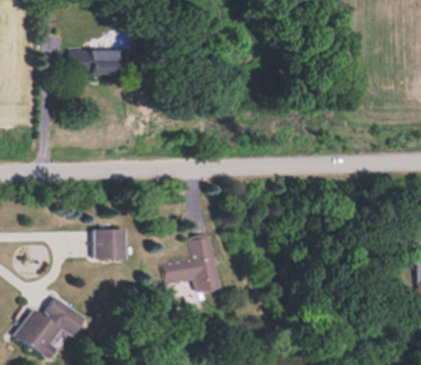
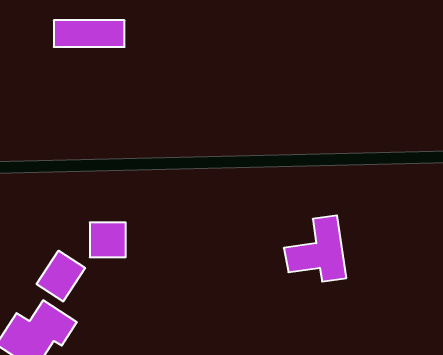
building: [162,234,217,292] -> [284,215,346,282]
building: none -> [37,251,85,302]

